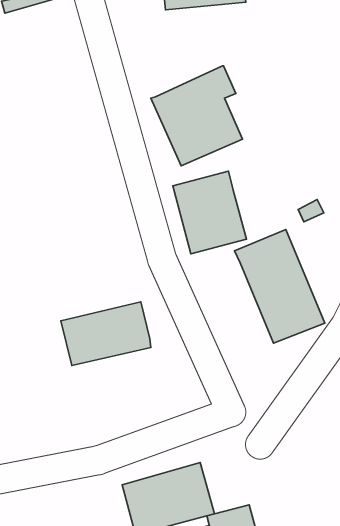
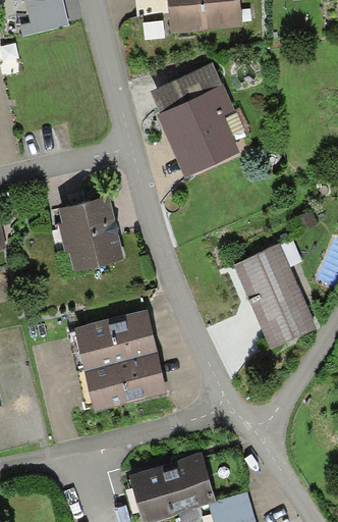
building: none -> [151,66,221,115]
building: [173,171,246,254] -> [56,198,123,273]
building: none -> [83,345,166,405]

